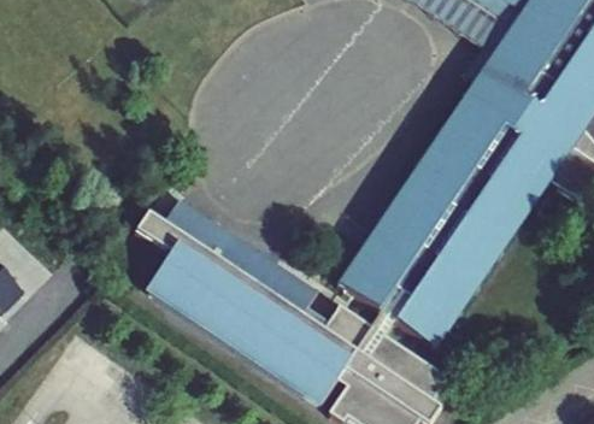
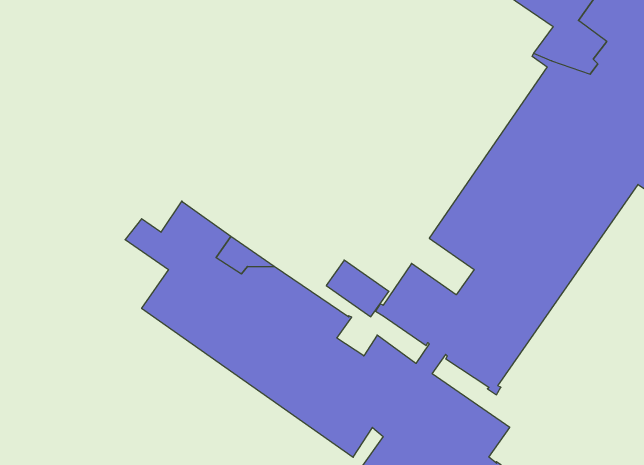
building: [367,224,418,270] -> [326,260,389,317]

